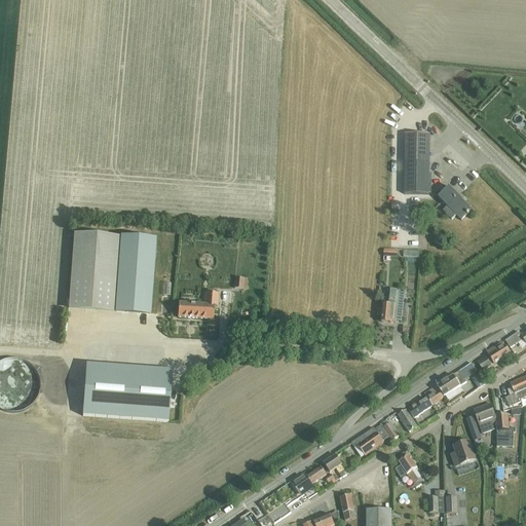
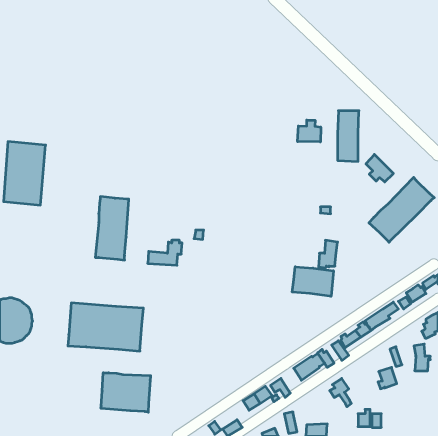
building: none -> [298,120,321,142]
building: none -> [369,177,434,242]
building: [68,233,118,309] -> [4,142,46,205]
building: none -> [292,267,333,296]
building: [474,402,496,433] -> none
building: none -> [101,373,151,412]

